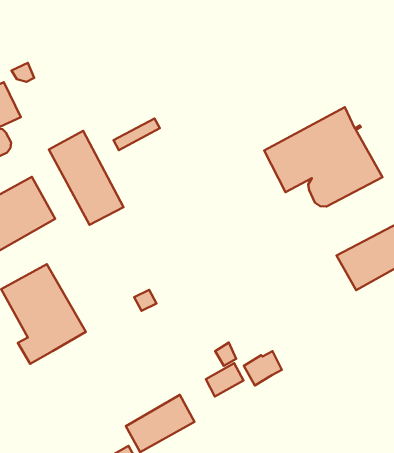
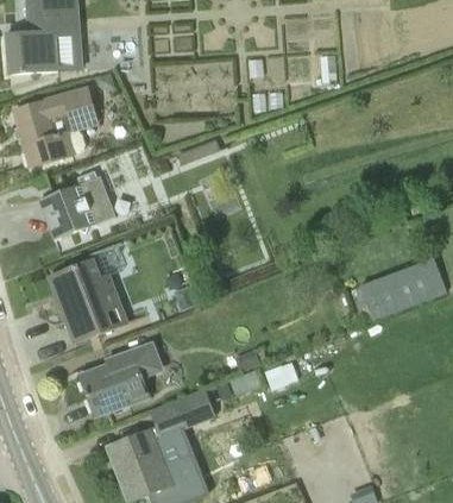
building: [264,107,383,206] -> none
building: [49,131,123,225] -> none
building: none -> [76,340,162,416]

